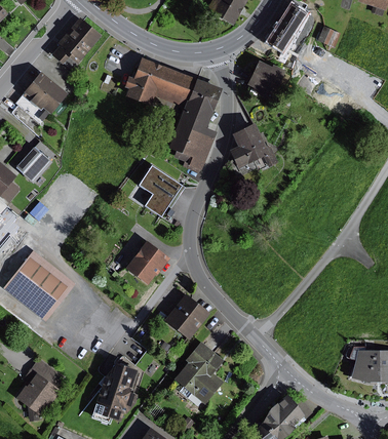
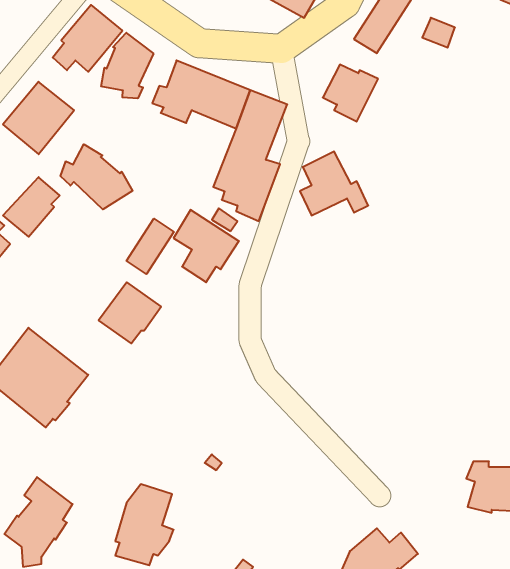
building: none -> [101,33,153,98]
building: none -> [60,144,133,209]
building: none -> [127,219,174,274]
building: [124,241,169,285] -> [99,282,161,343]
building: [164,294,209,341] -> none
building: [173,342,224,405] -> none

